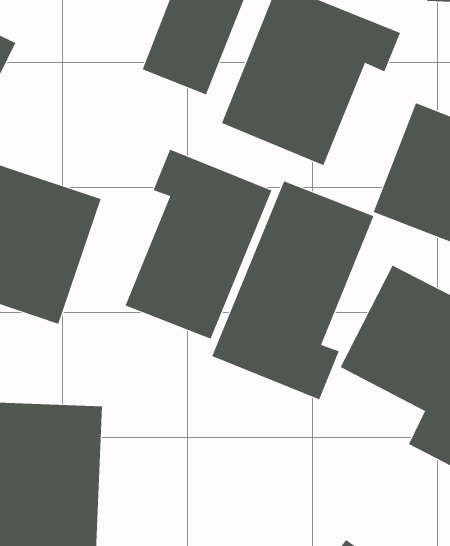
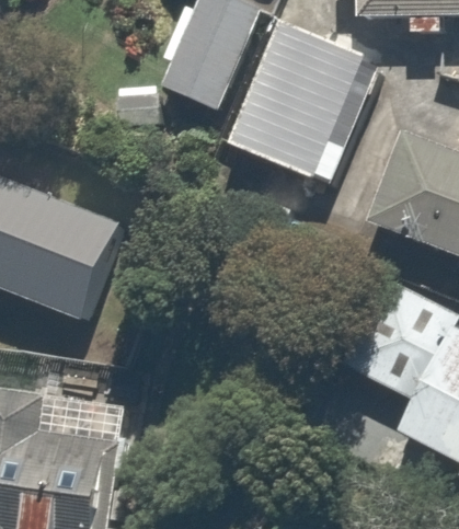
building: [125,149,272,339] -> none
building: [212,180,374,400] -> none

